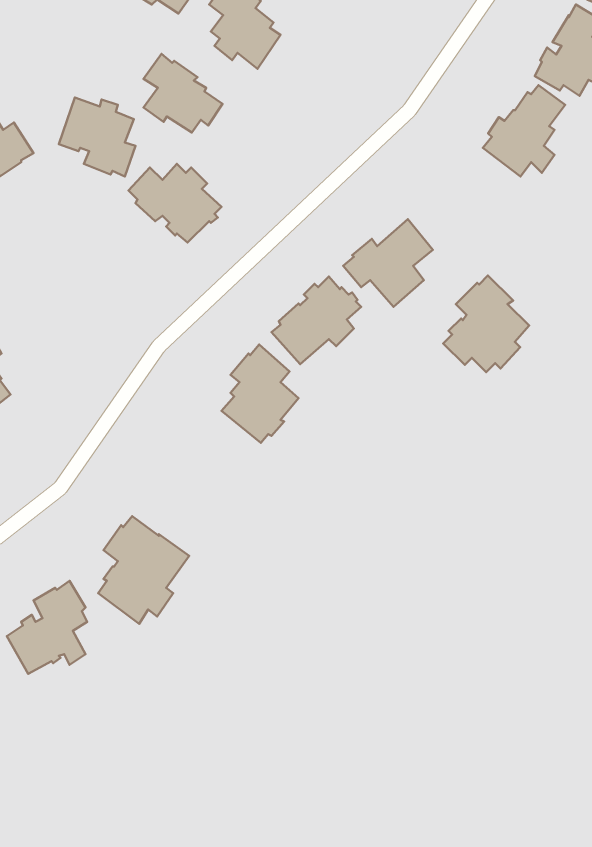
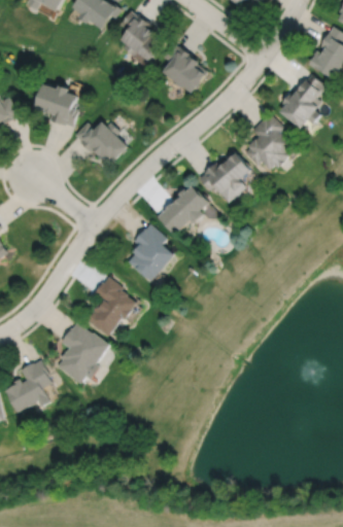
building: [144,54,222,133] -> [161,45,206,91]
building: [443,276,529,372] -> [243,113,293,169]
building: none -> [87,277,135,336]

